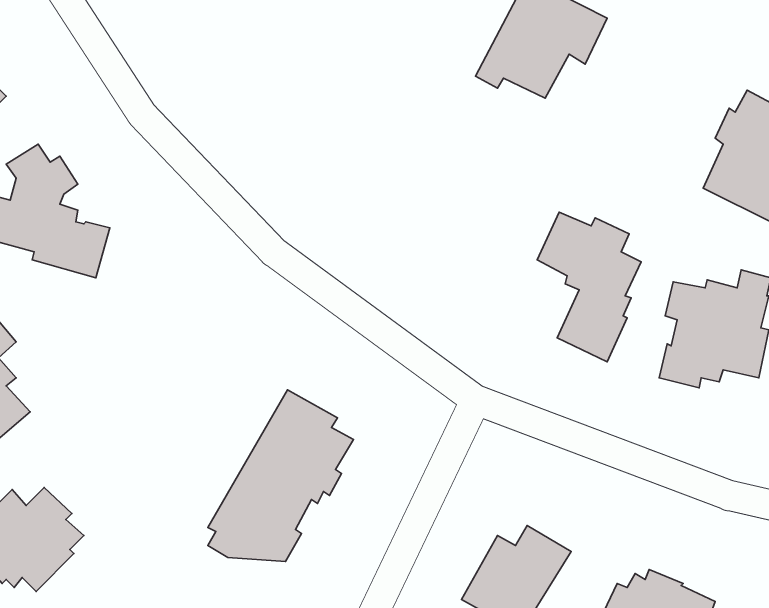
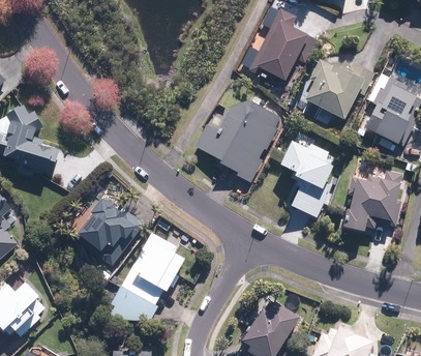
building: none -> [305,58,373,119]
building: none -> [194,99,280,182]
building: none -> [77,198,143,265]

